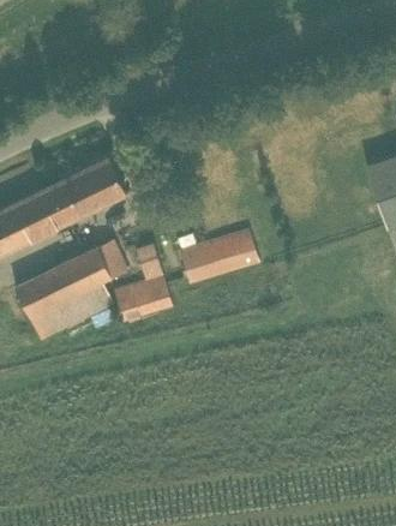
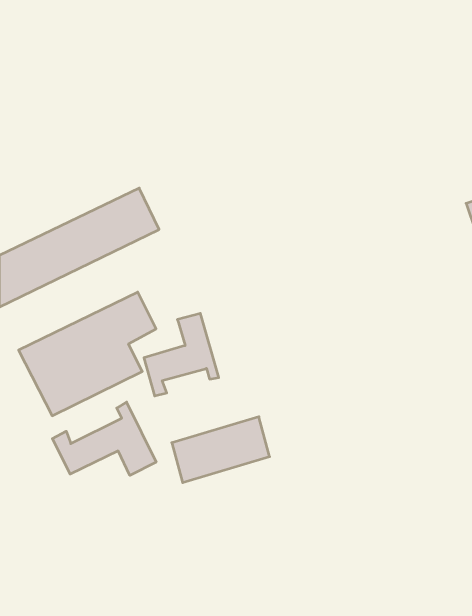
building: [182,231,259,282] -> [172,417,270,483]
building: none -> [52,402,156,475]

